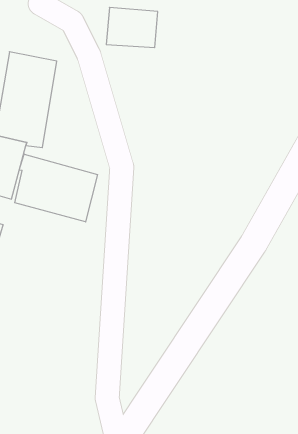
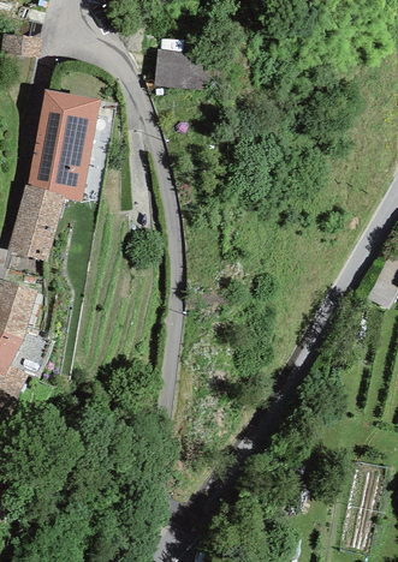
building: [15,154,97,222] -> none

